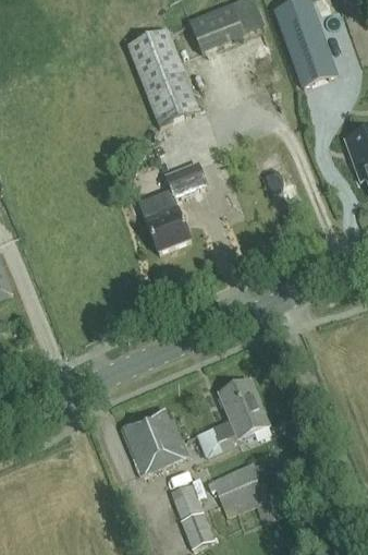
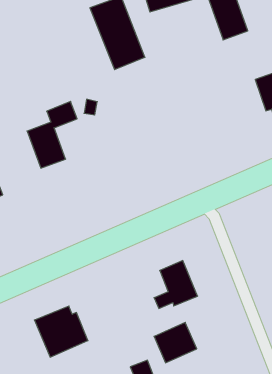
building: [138,162,205,251] -> [27,101,77,168]
building: [118,408,188,475] -> [34,306,88,357]
building: [169,483,200,517] -> none

